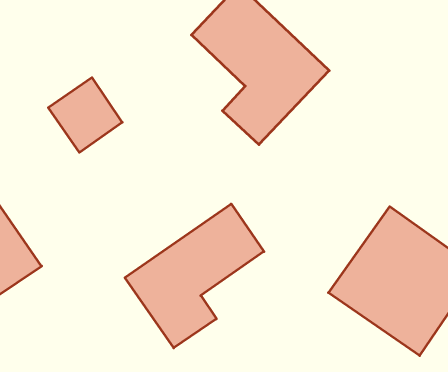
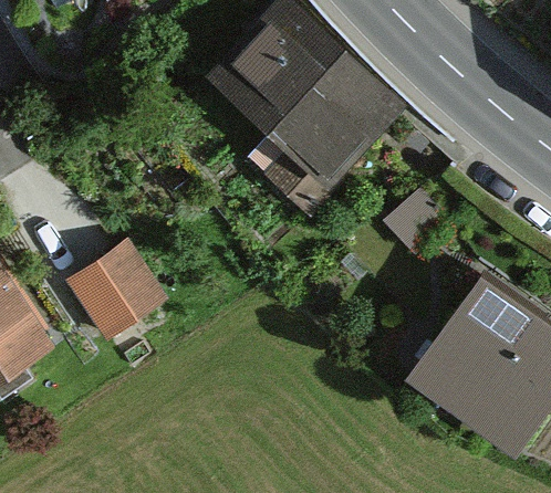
building: [48,78,122,152] -> [75,239,165,329]
building: [125,204,264,348] -> none

